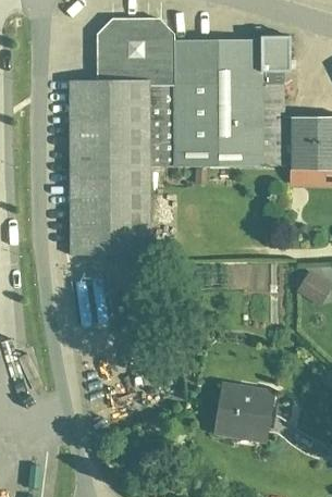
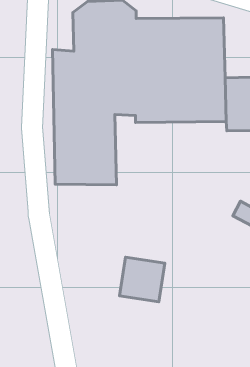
building: [214,387,272,444] -> [120,257,165,302]

